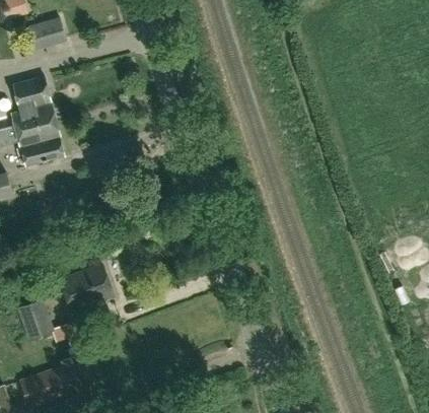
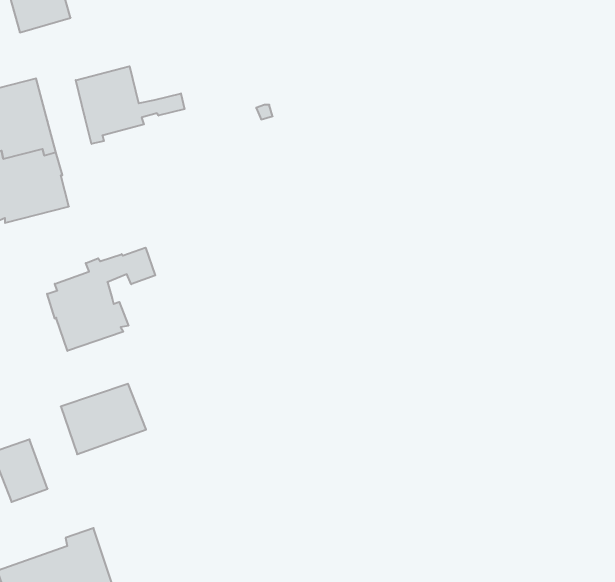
building: none -> [76,66,185,144]
building: none -> [47,248,155,351]

